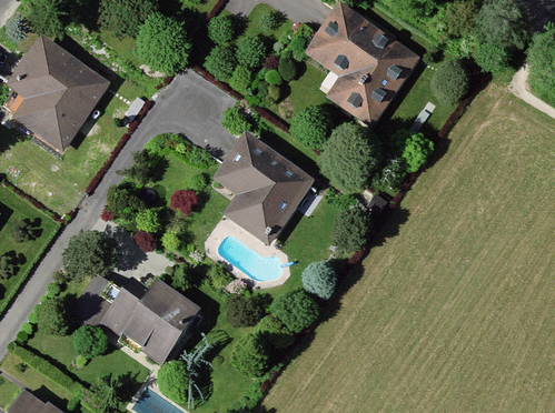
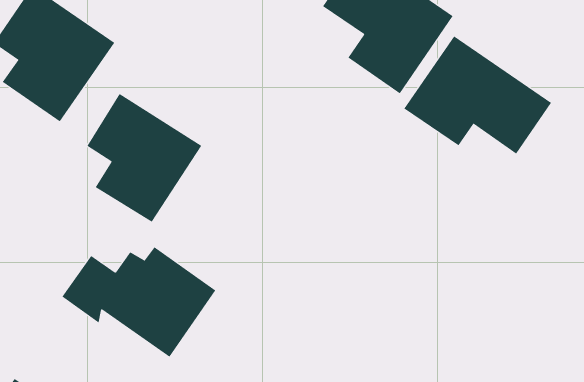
building: none -> [404,35,552,154]
building: [211,132,317,250] -> [86,93,202,223]

